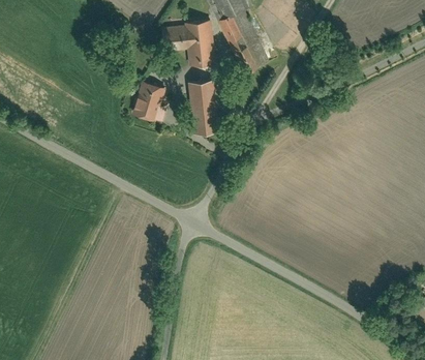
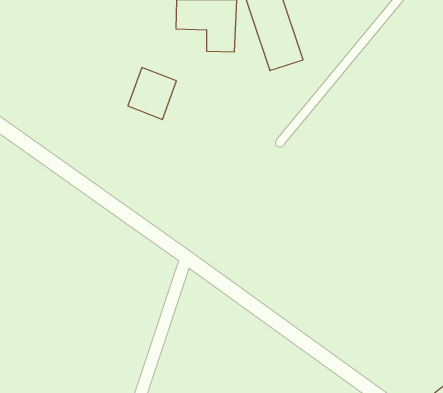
building: [189,80,216,130] -> none

